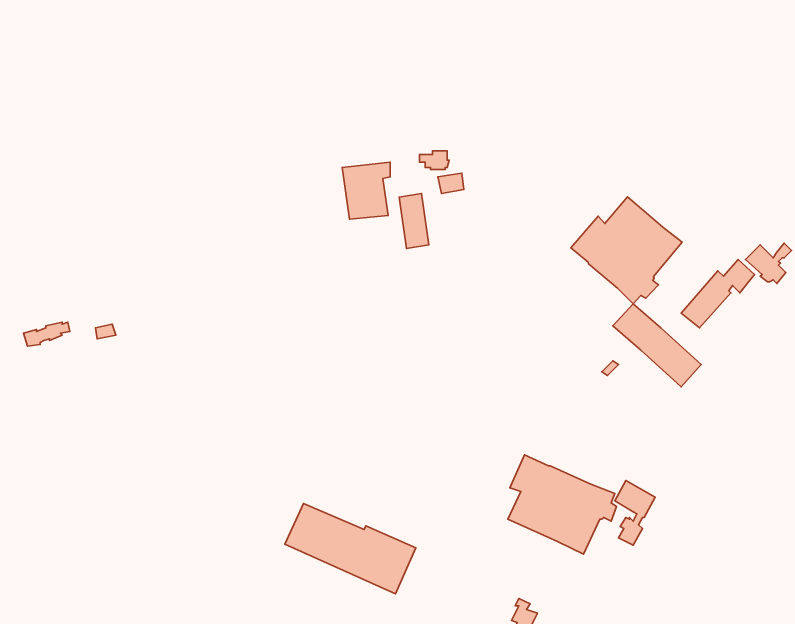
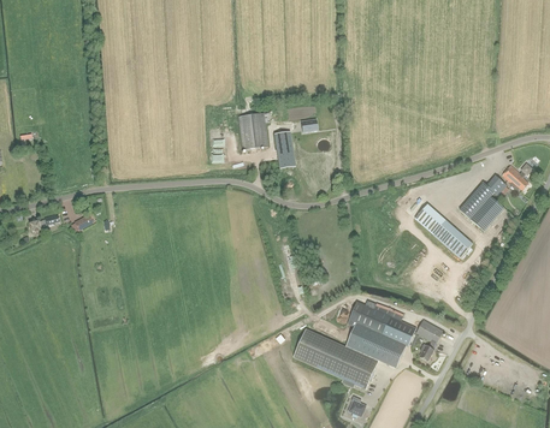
building: [571,197,682,304] -> none
building: none -> [471,196,503,231]
building: [285,504,416,594] -> [292,329,378,388]

